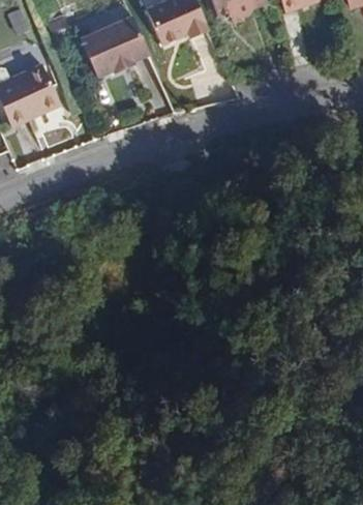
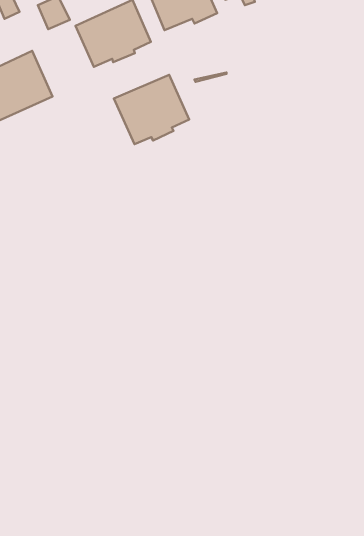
building: none -> [114,75,189,144]

